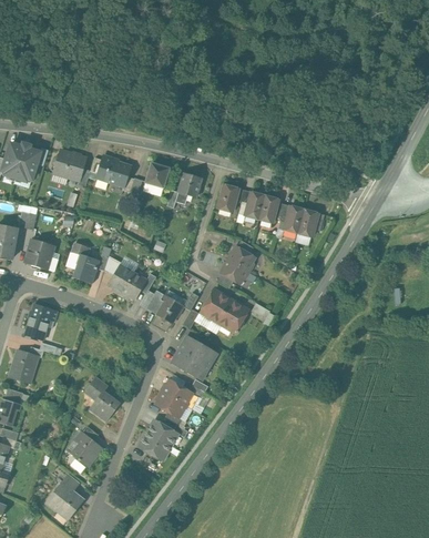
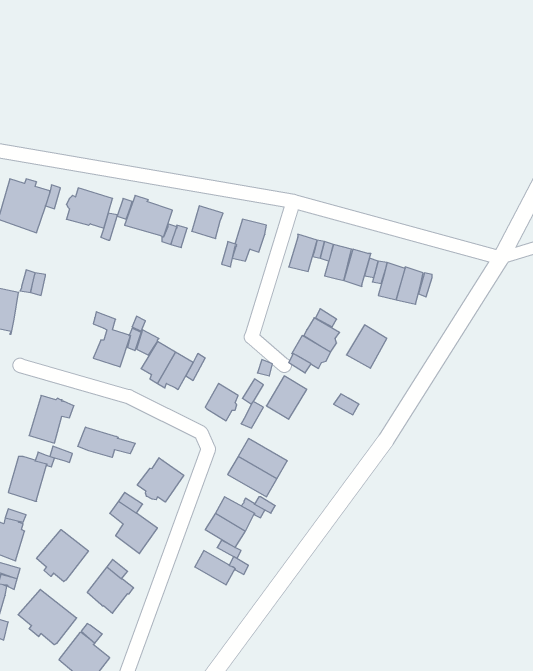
building: [24,238,54,270] -> none
building: [217,300,247,332] -> [346,325,387,368]
building: none -> [78,427,135,457]
building: none -> [137,458,184,502]
building: none -> [37,530,88,582]
building: [139,432,171,459] -> none
building: none -> [18,589,77,645]

